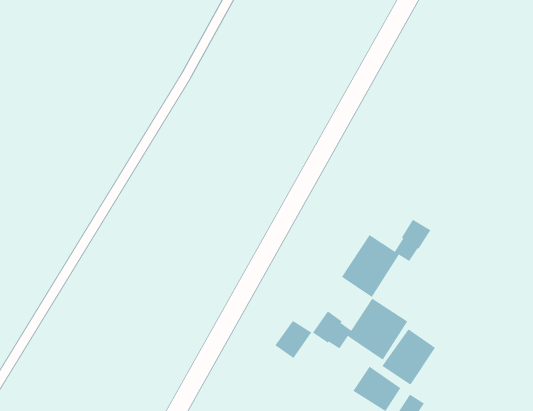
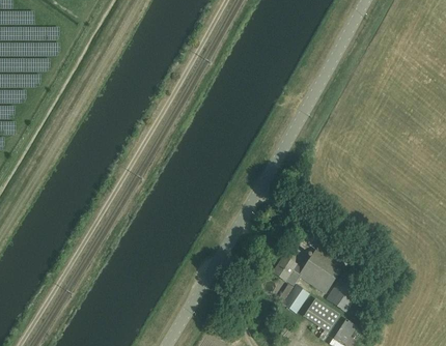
building: [341,219,431,298] -> none
building: [274,320,312,359] -> [280,284,308,313]

